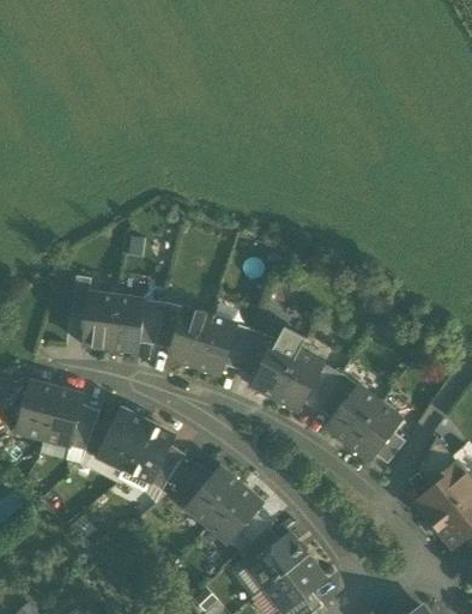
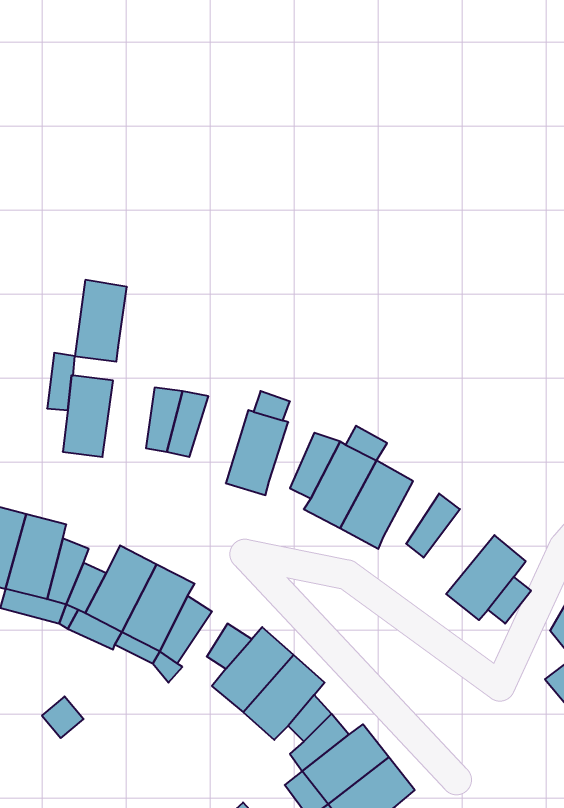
building: [110,296,146,353] -> [75,280,127,362]
building: [168,307,211,367] -> none
building: [225,325,256,371] -> none
building: [304,366,343,410] -> none
building: [325,385,381,444] -> none

